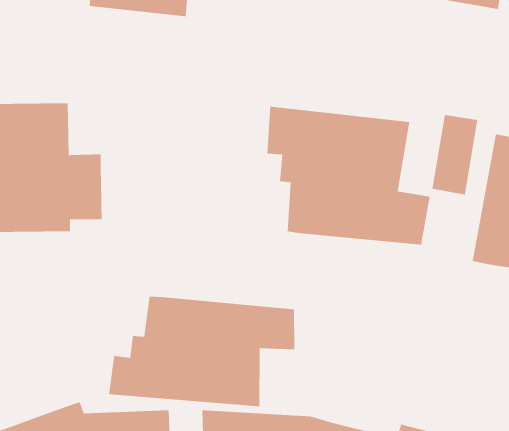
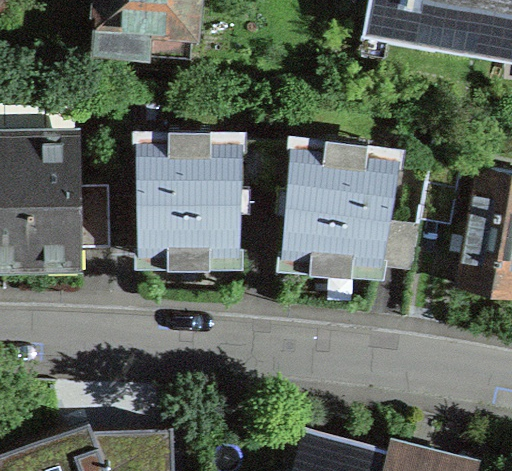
building: none -> [109,141,267,260]
building: [109,296,295,407] -> none

